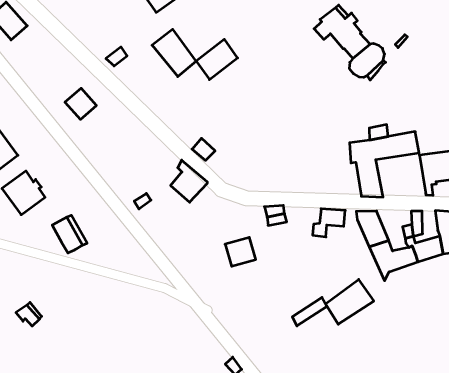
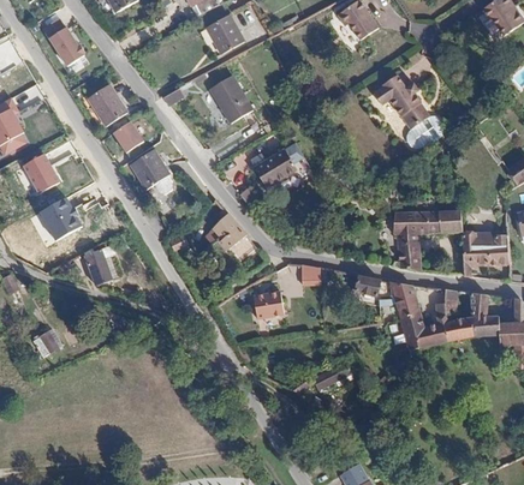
building: [196,39,238,80] -> [254,150,296,188]
building: none -> [87,85,125,125]
building: none -> [130,150,167,191]
building: [325,279,374,324] -> none

